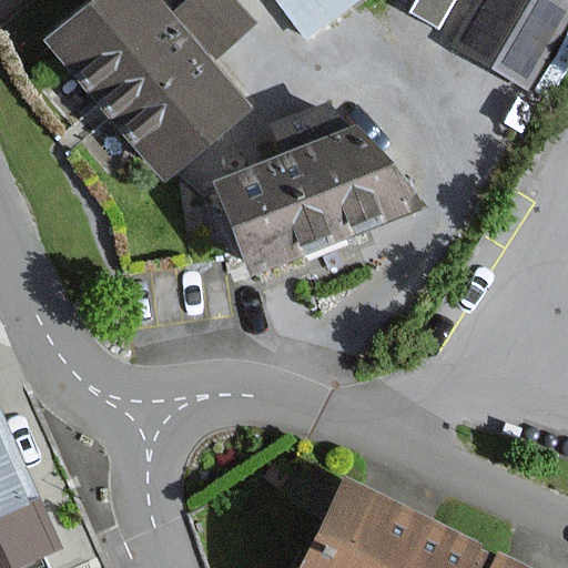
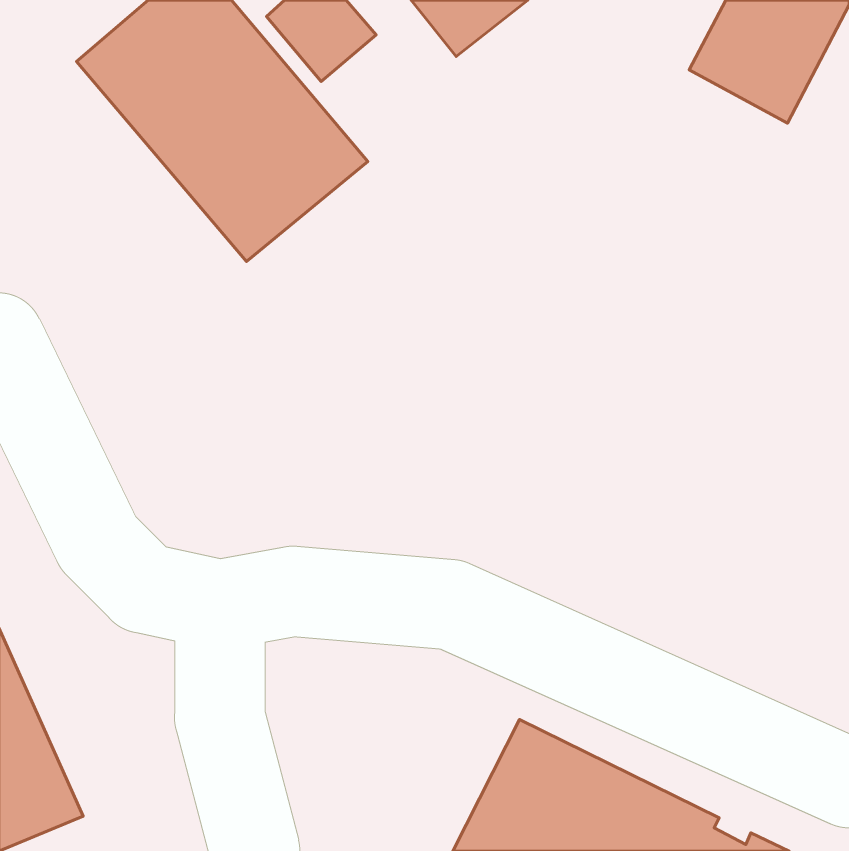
building: [221,130,417,270] -> none

